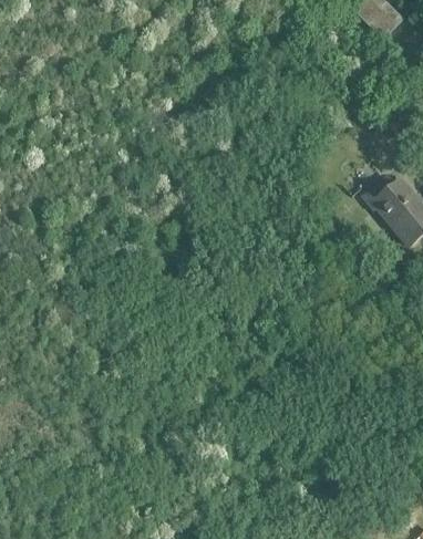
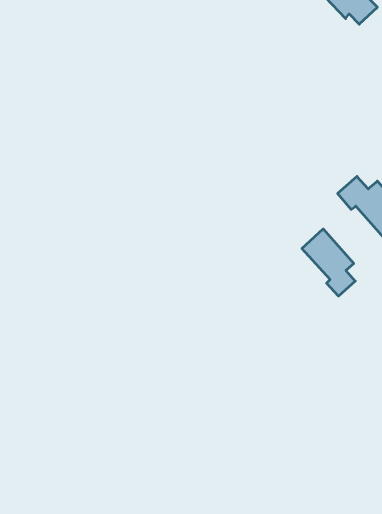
building: none -> [302,229,355,296]

